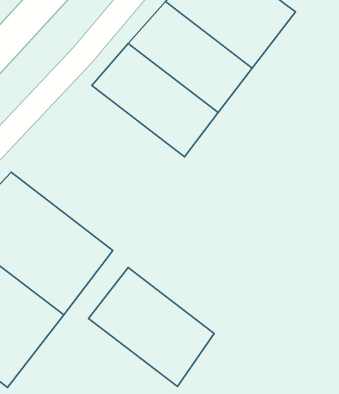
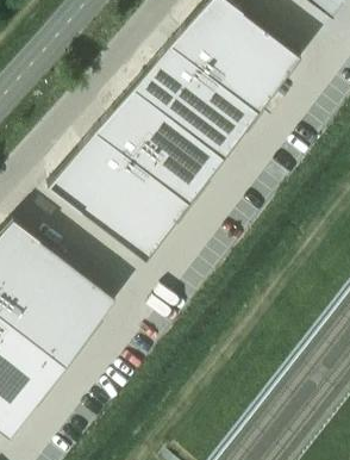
building: none -> [48,131,189,261]
building: [89,267,214,386] -> none

